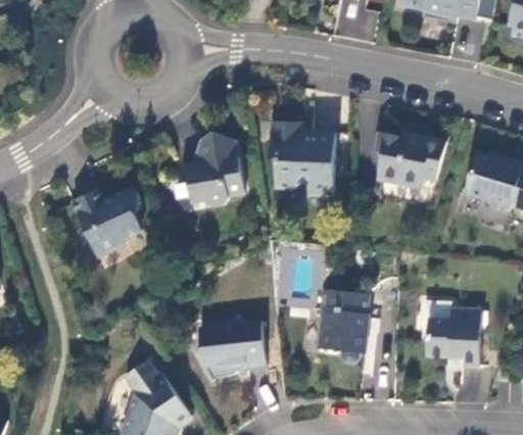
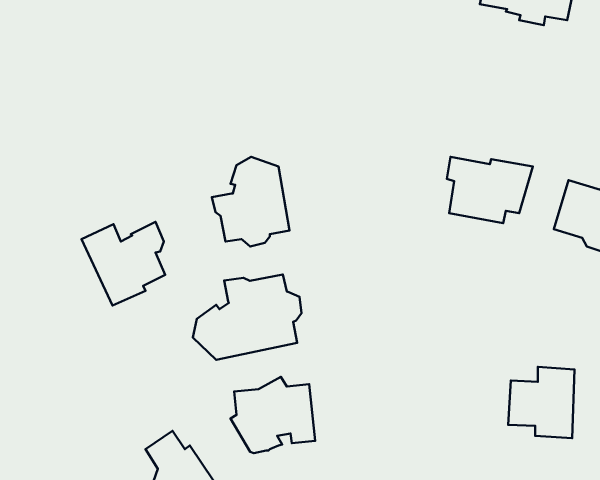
building: [270,122,335,196] -> none
building: none -> [193,275,301,360]
building: [318,289,368,364] -> none

